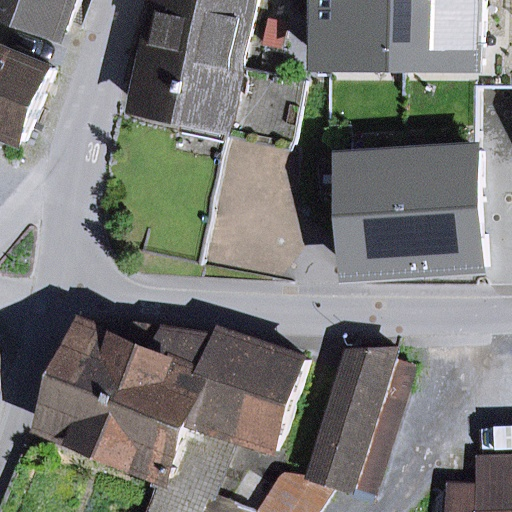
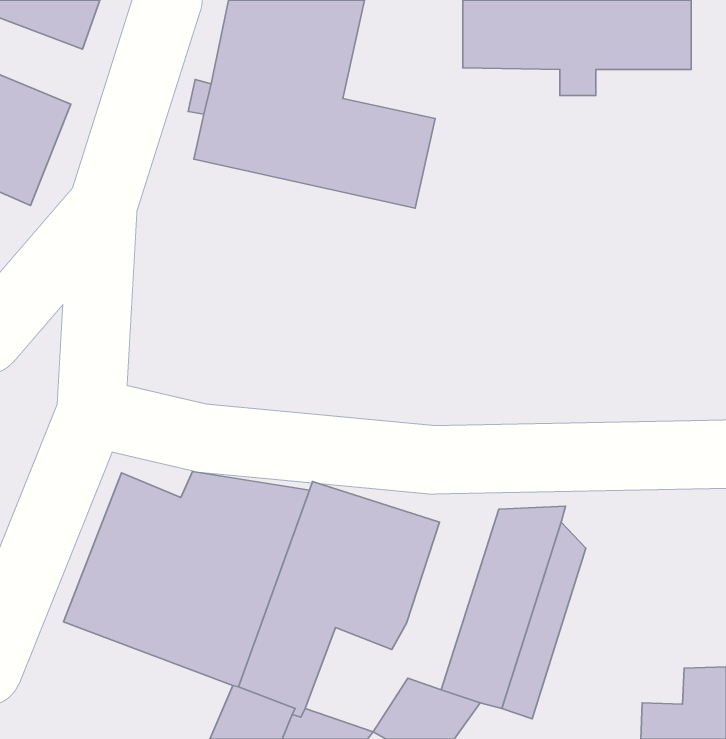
building: [335,152,481,276] -> none

